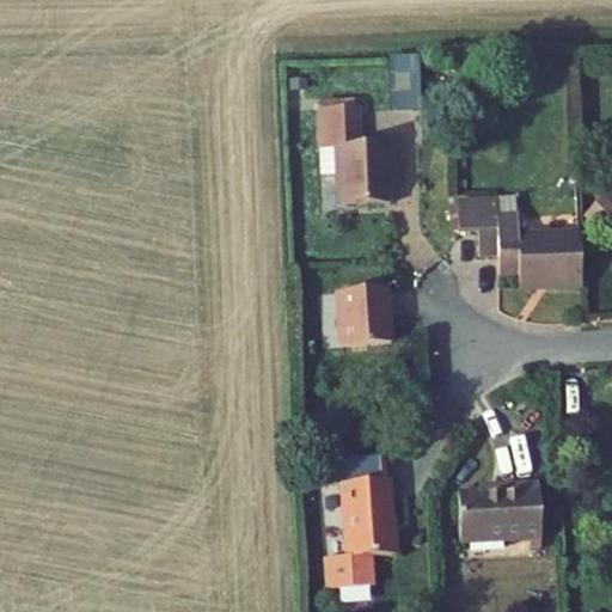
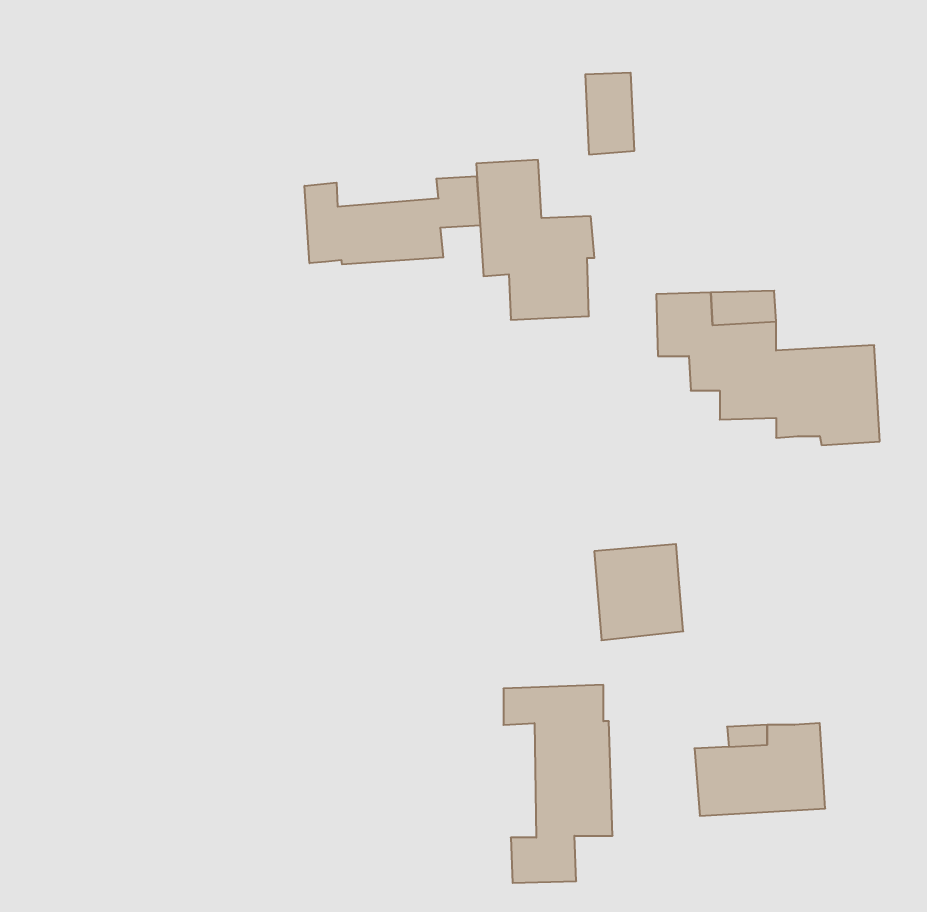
building: none -> [305,176,480,264]
building: [332,288,391,351] -> [594,544,683,640]

